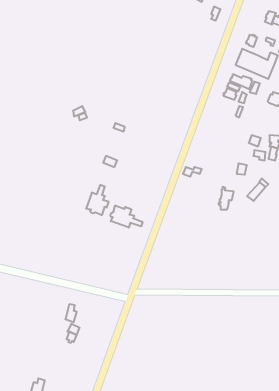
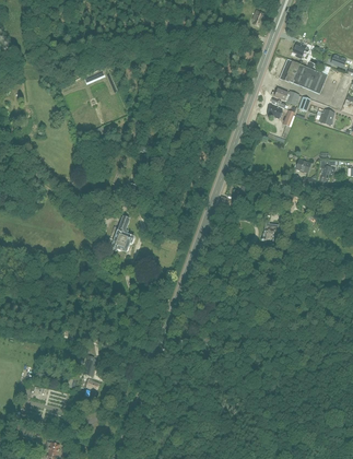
building: [110,205,142,228] -> none

